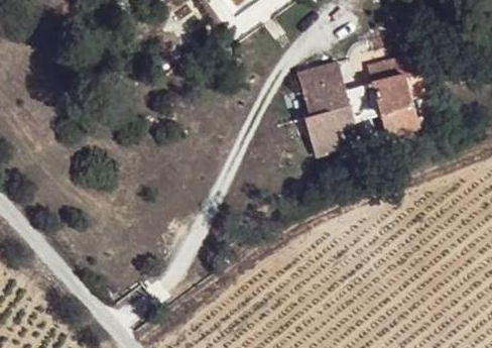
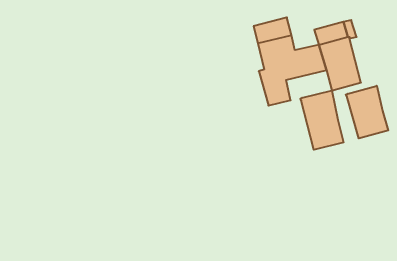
building: none -> [346,86,388,138]
building: none -> [300,91,344,150]

